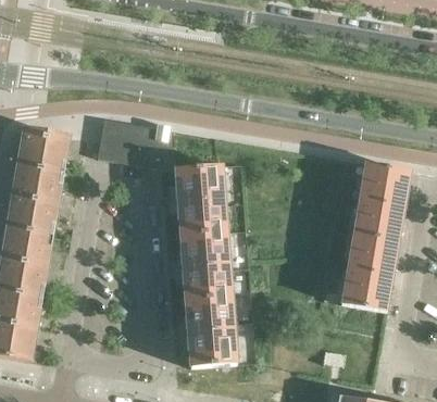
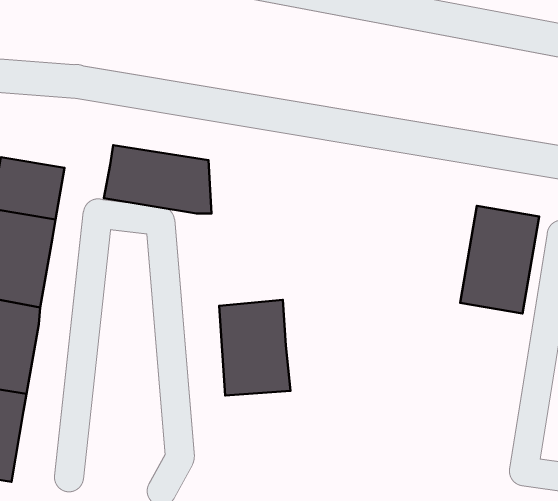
building: [174,164,225,235] -> none
building: [340,233,397,311] -> none
building: [184,296,235,366] -> none

